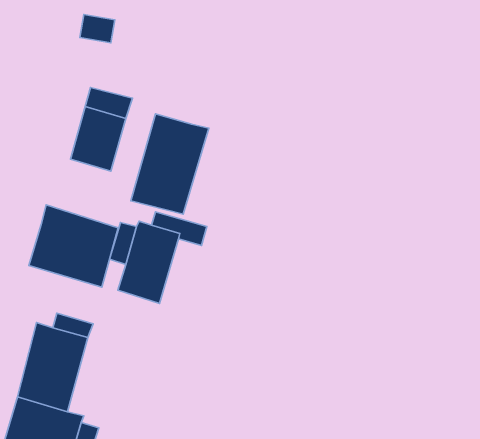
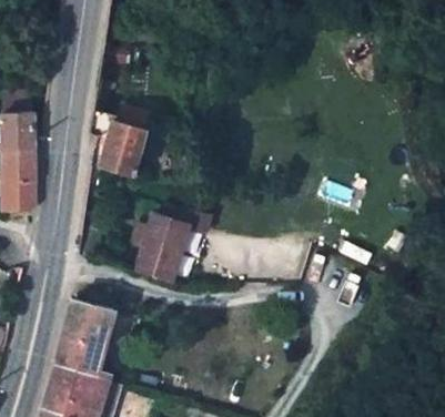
building: [131,114,209,214] -> none
building: [29,205,118,287] -> none

